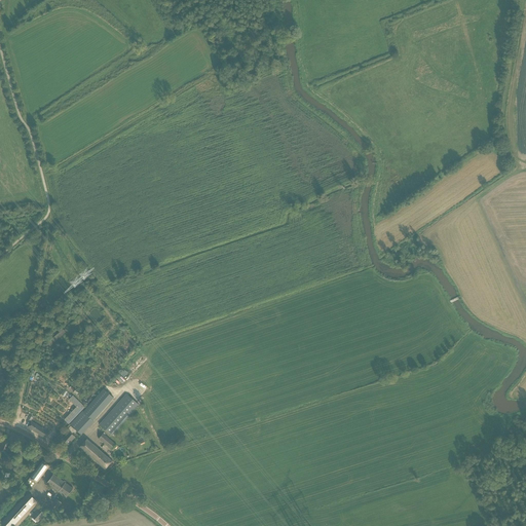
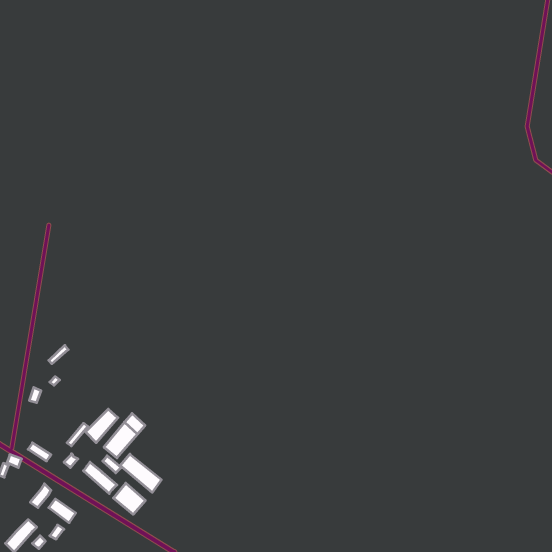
building: none -> [120,454,161,492]
building: none -> [113,483,145,514]

